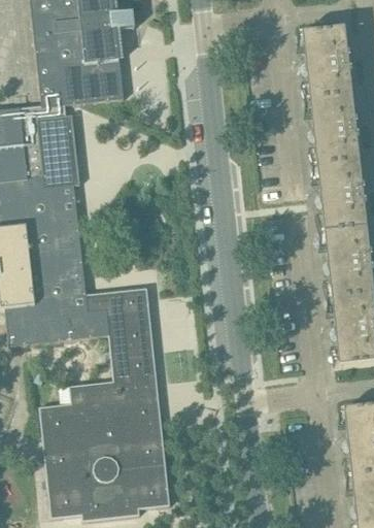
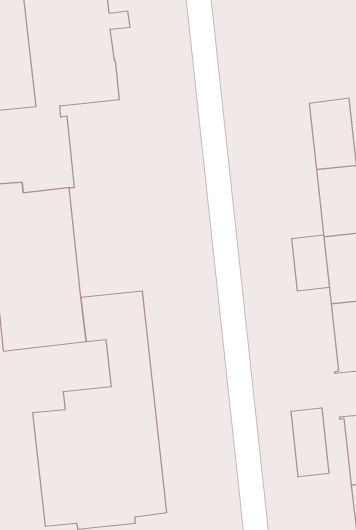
building: [299,30,350,102] -> none
building: none -> [292,235,329,291]
building: none -> [291,408,329,477]

